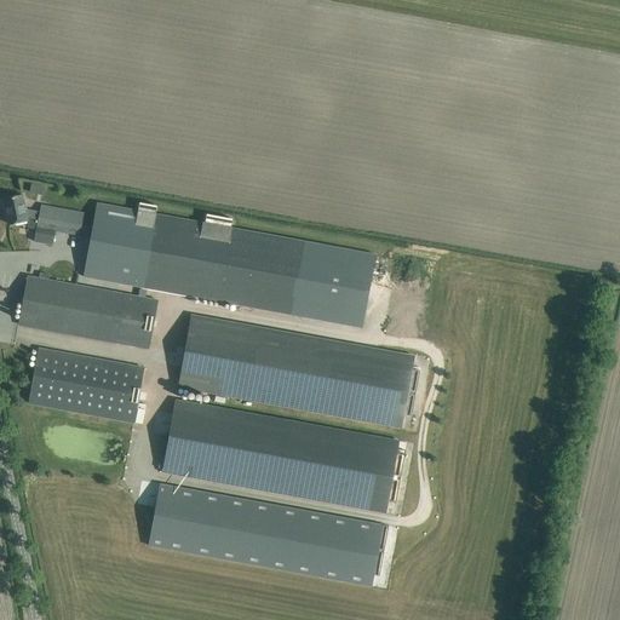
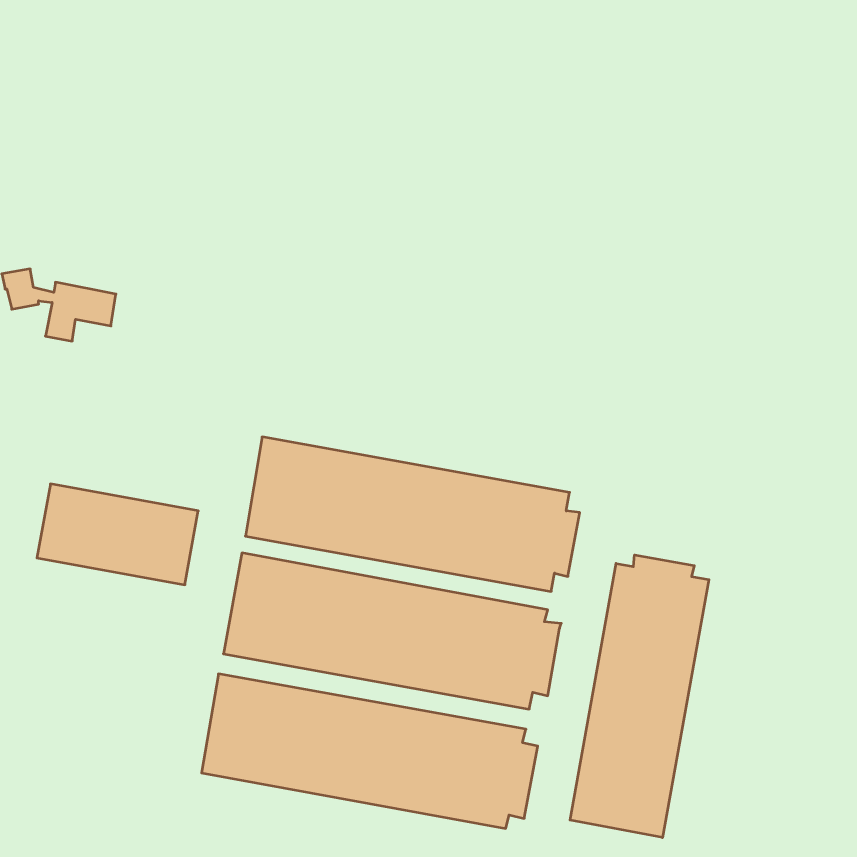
building: [82,202,374,327] -> none
building: [18,275,155,346] -> none
building: none -> [570,555,709,838]

